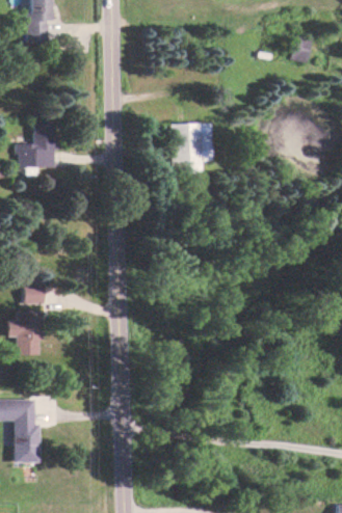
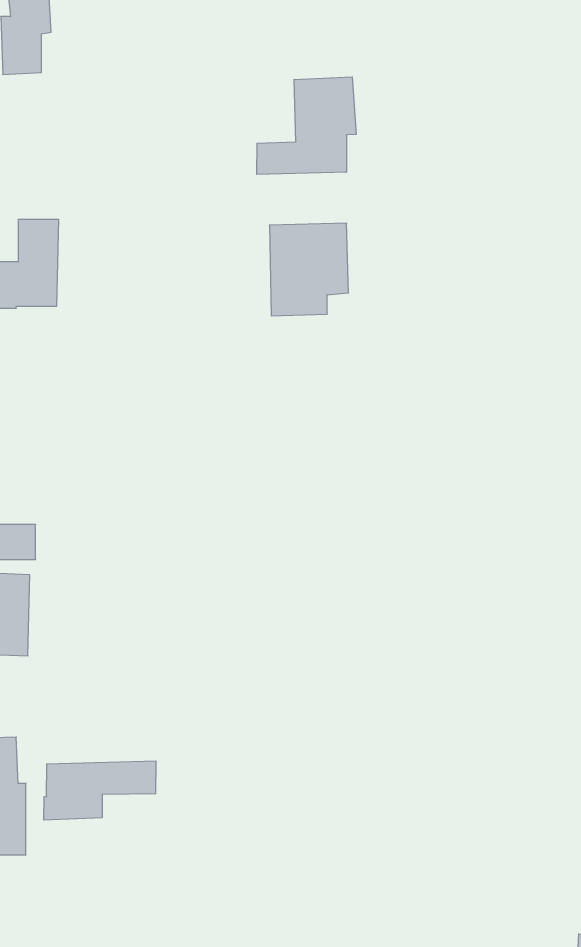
building: [291,35,313,62] -> none
building: none -> [257,77,356,174]
building: none -> [44,761,156,820]

